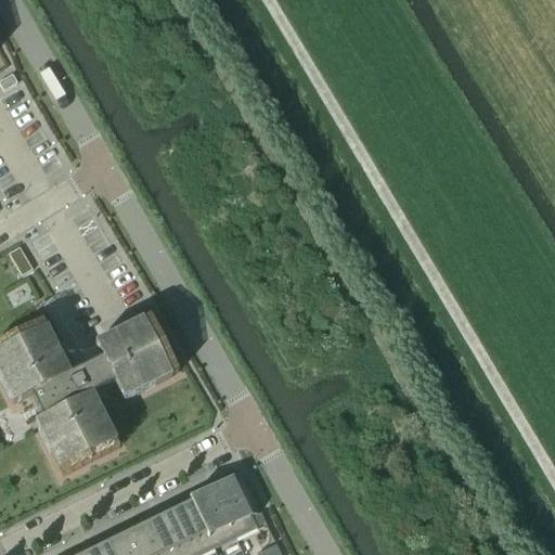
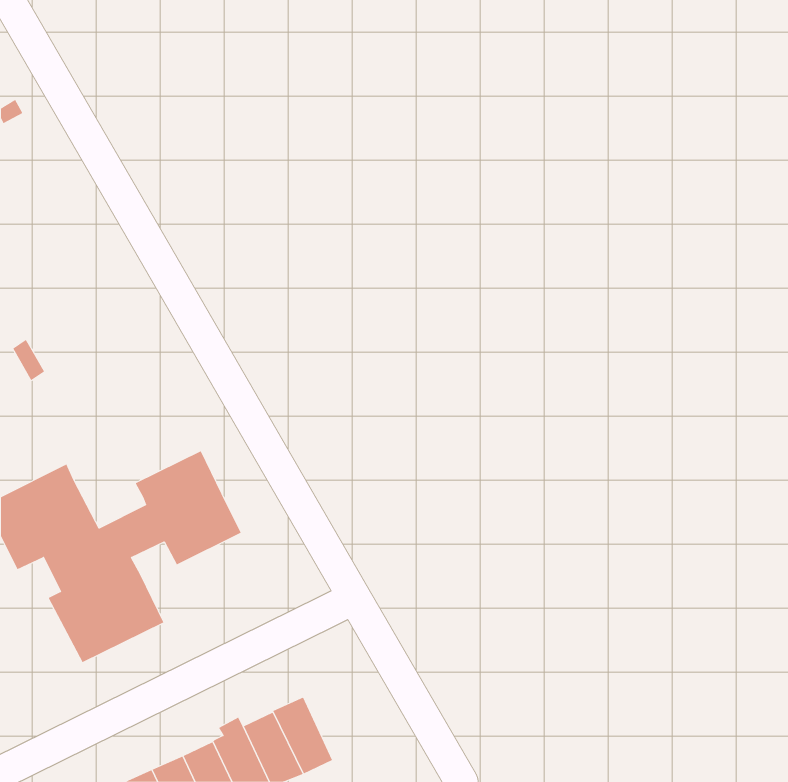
building: [215,473,259,532] -> none

